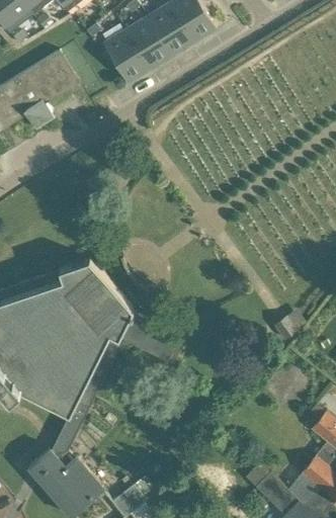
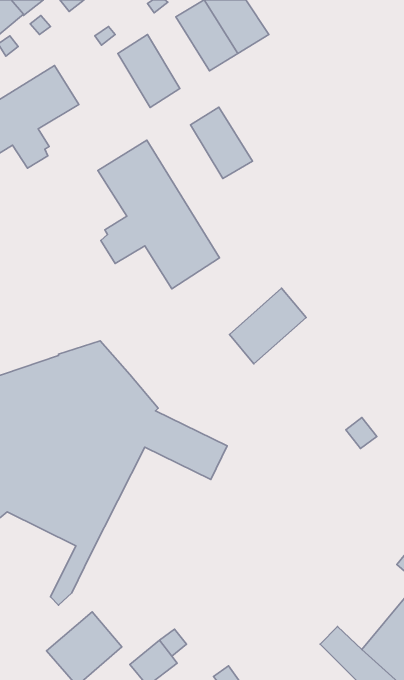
building: [124,16,171,70] -> [190,107,252,179]
building: none -> [98,140,220,289]
building: none -> [229,288,306,364]
building: [27,448,83,492] -> none

